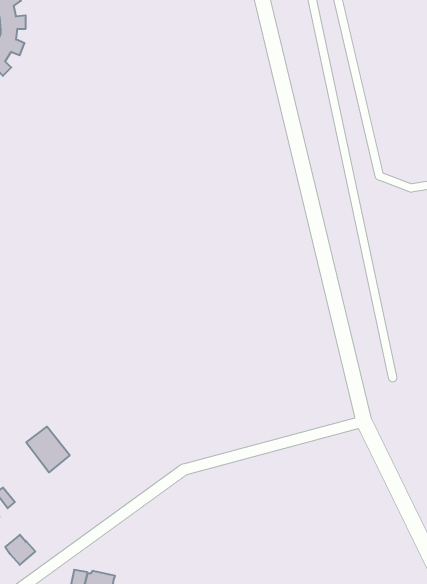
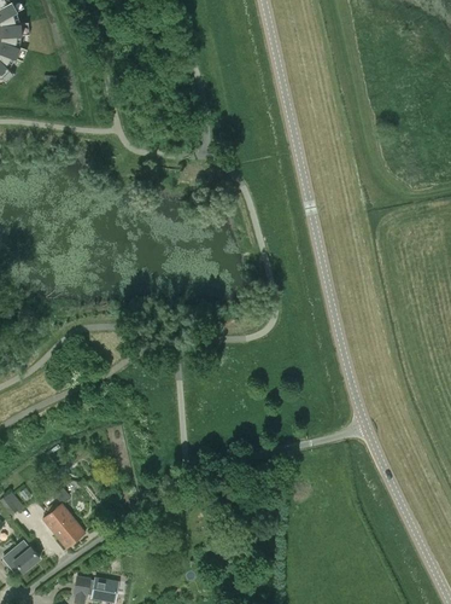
building: [26,427,70,472] -> [40,501,83,547]

